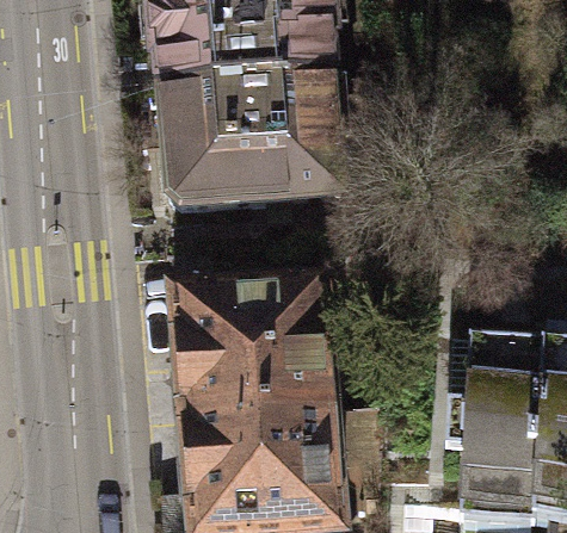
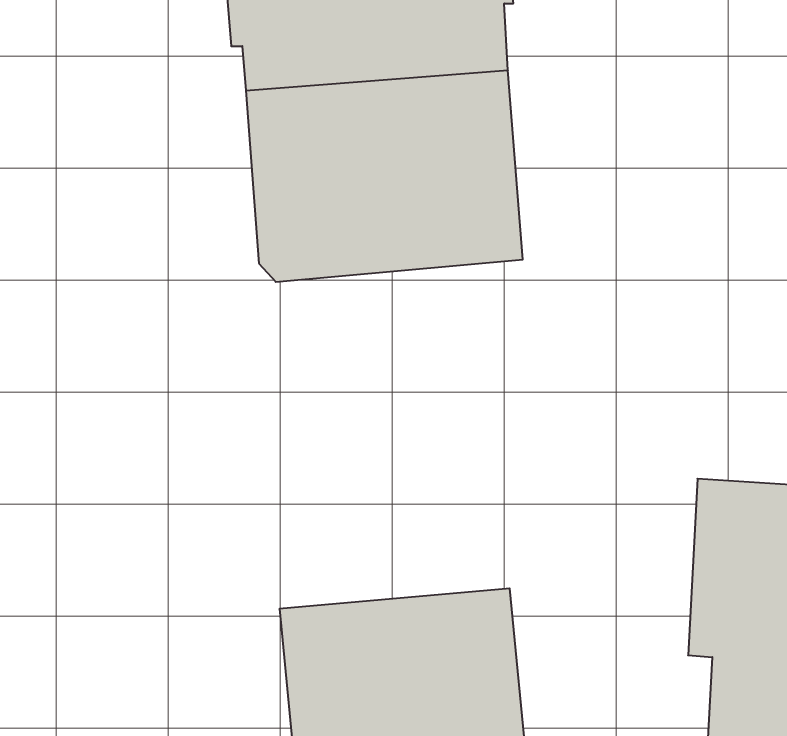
building: [177,280,334,416] -> none

